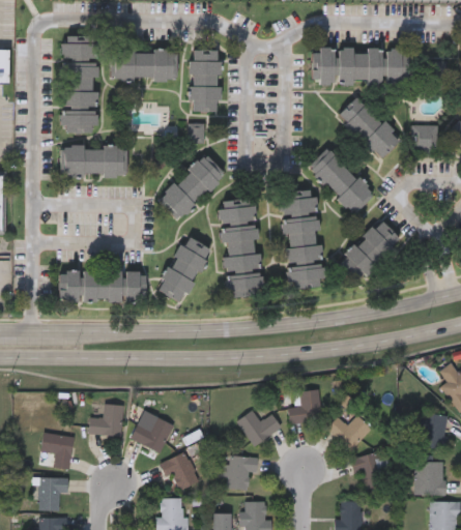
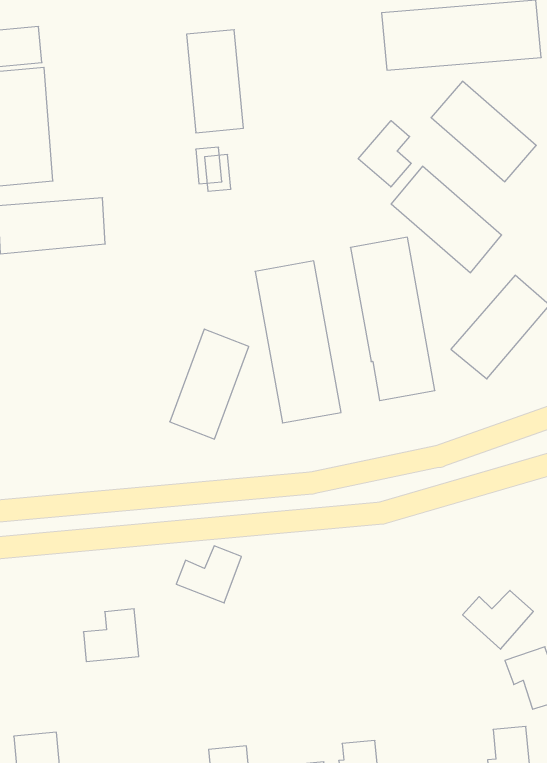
building: [112,49,176,79] -> none
building: none -> [358,121,411,187]
building: [157,153,226,219] -> none
building: [59,269,146,301] -> none
building: [289,390,321,423] -> none
building: [238,410,282,445] -> none
building: [132,416,174,452] -> [176,546,241,603]
building: [42,433,74,469] -> none
building: [161,450,200,489] -> none
building: [220,454,260,491] -> none

